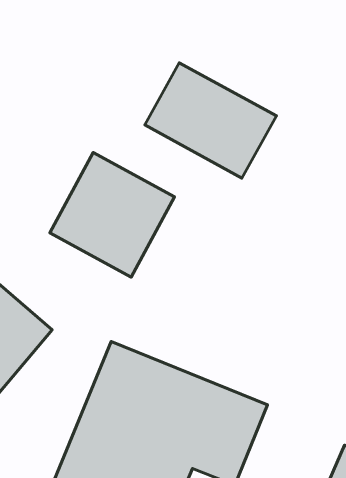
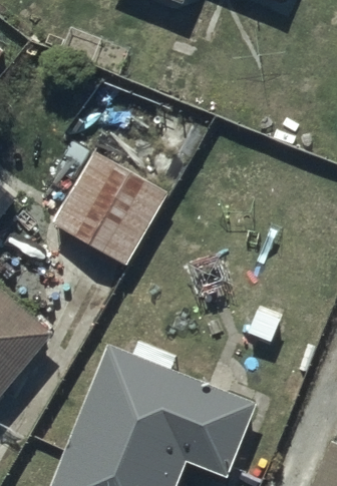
building: [145,63,276,178] -> none

